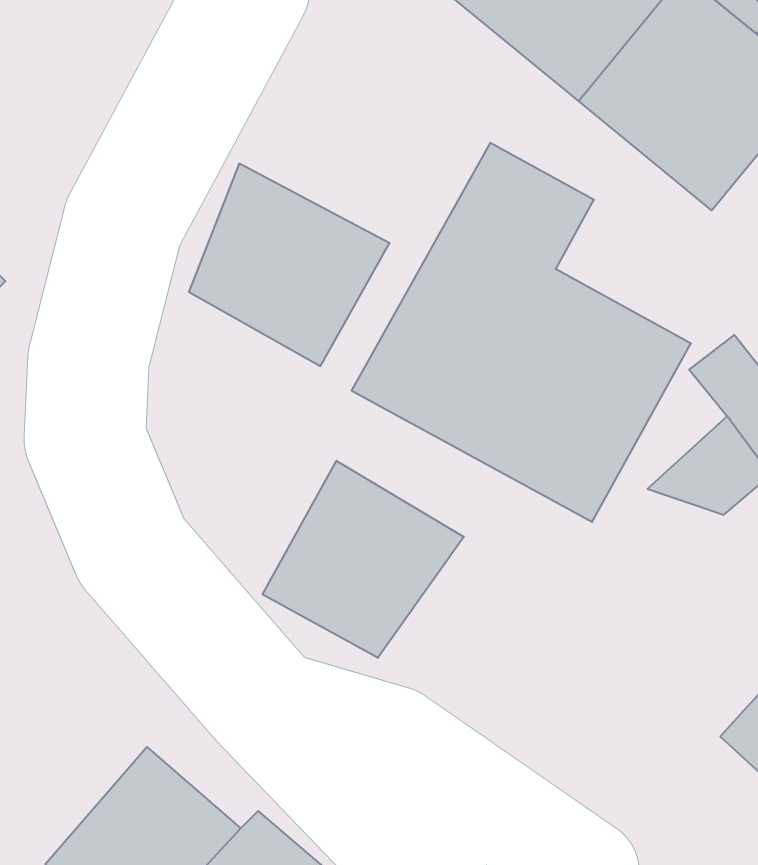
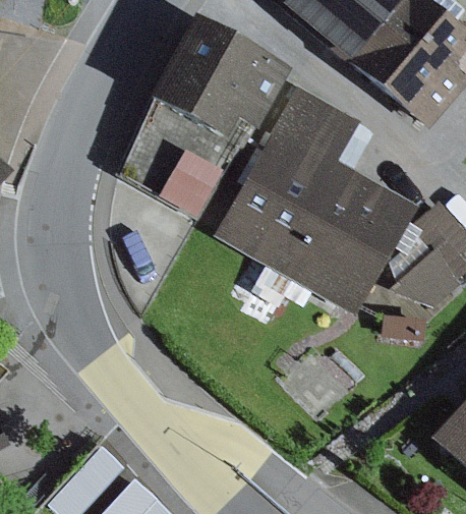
building: none -> [151,19,290,151]
building: [263,461,464,658] -> none

